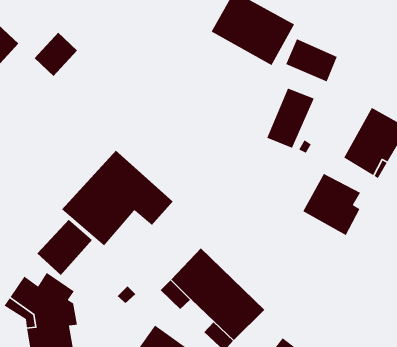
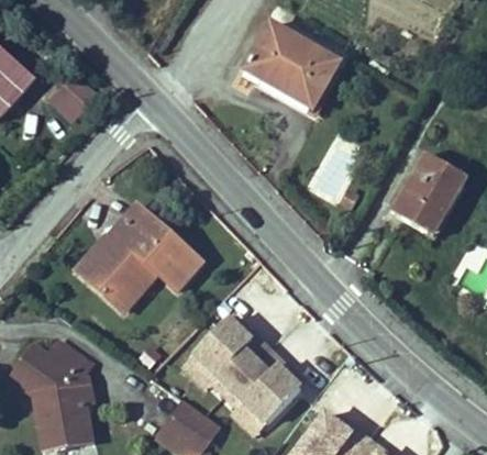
building: [285,38,338,82] -> none
building: [302,173,361,236] -> none
building: [37,219,93,276] -> none

